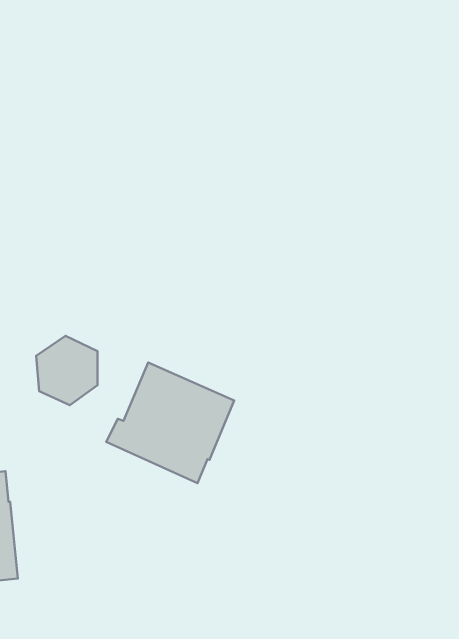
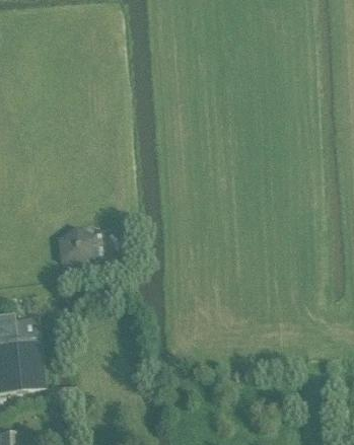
building: [106,362,234,483] -> none

